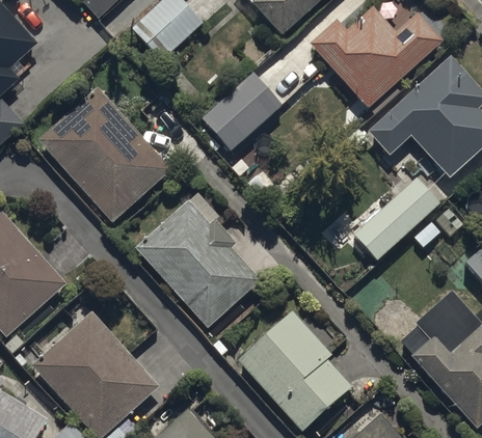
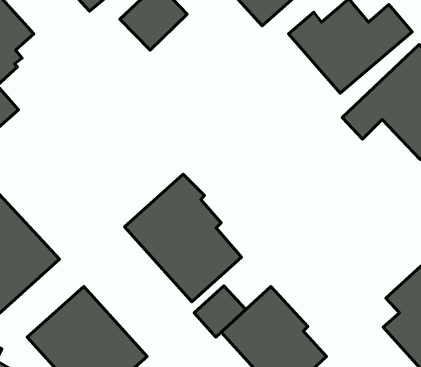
building: [200,71,284,150] -> none
building: [37,86,171,222] -> none
building: [353,179,439,262] -> none
building: none -> [194,286,246,337]

